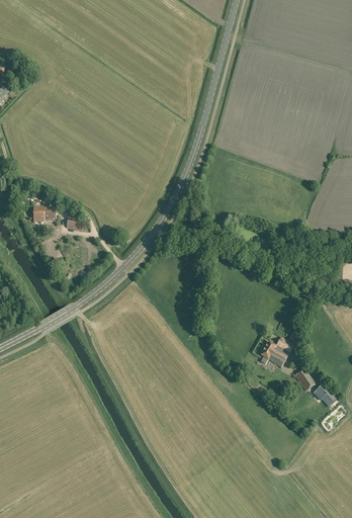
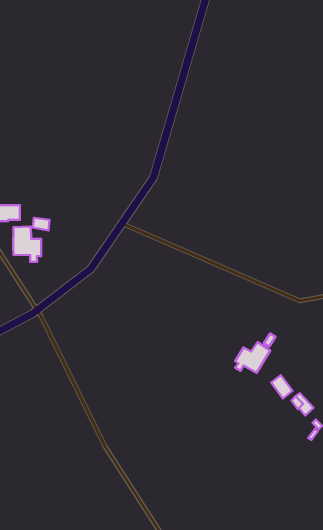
building: none -> [13,227,41,262]

